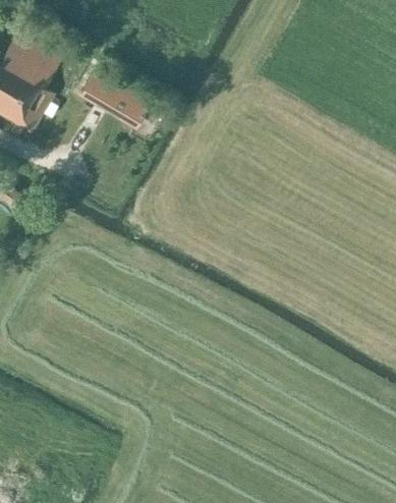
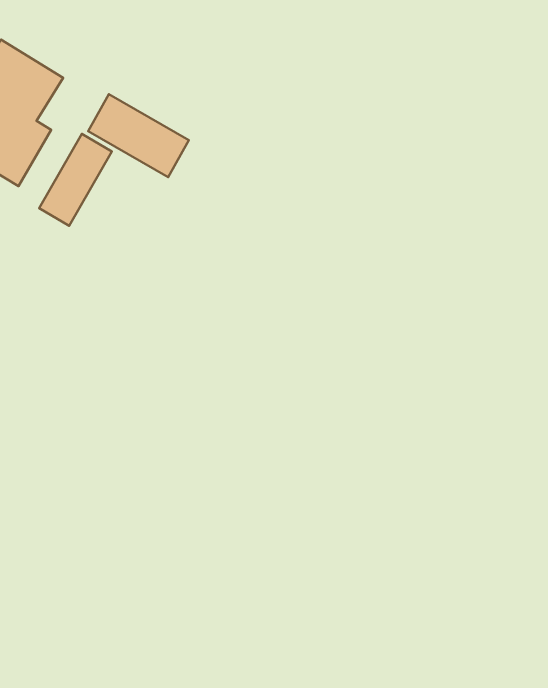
building: none -> [39,134,112,226]

